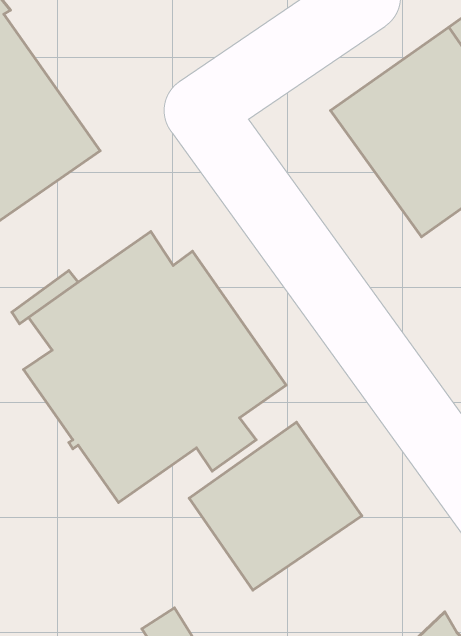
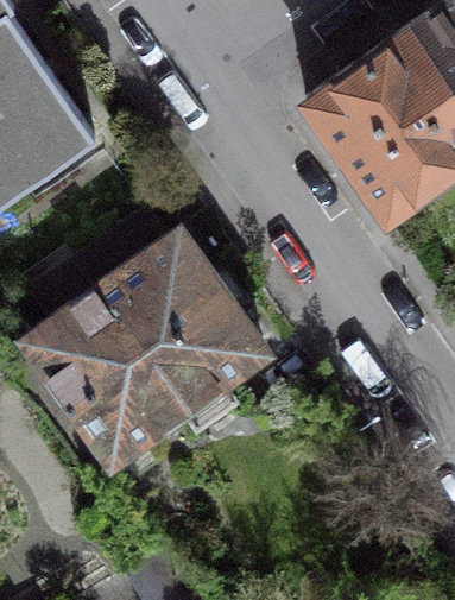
building: [189,422,362,590] -> none

